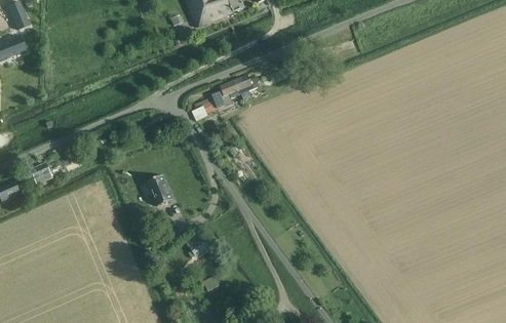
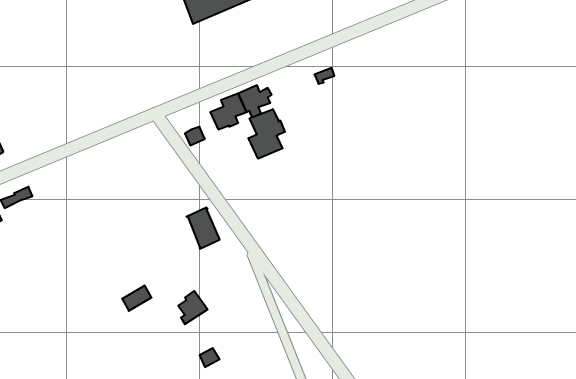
building: none -> [248,109,285,159]
building: [146,174,171,206] -> [186,207,220,249]

